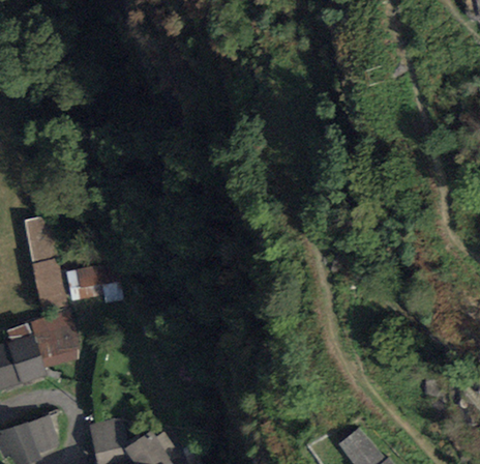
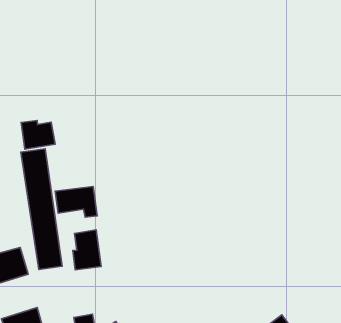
building: none -> [21,120,55,149]
building: none -> [73,230,101,270]

